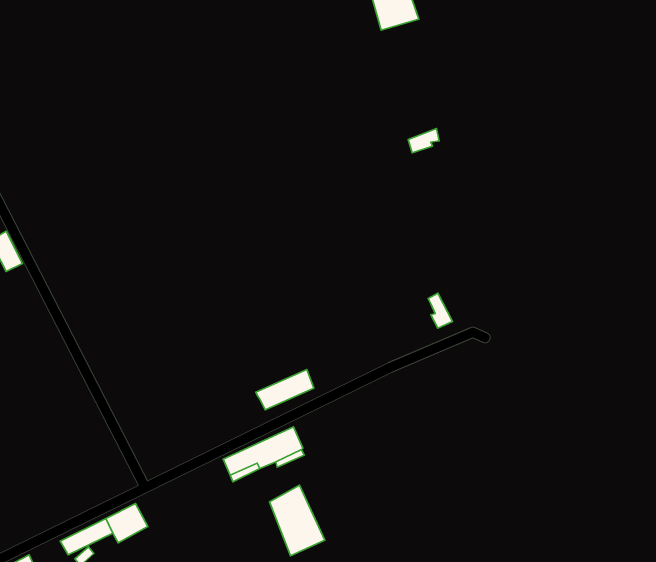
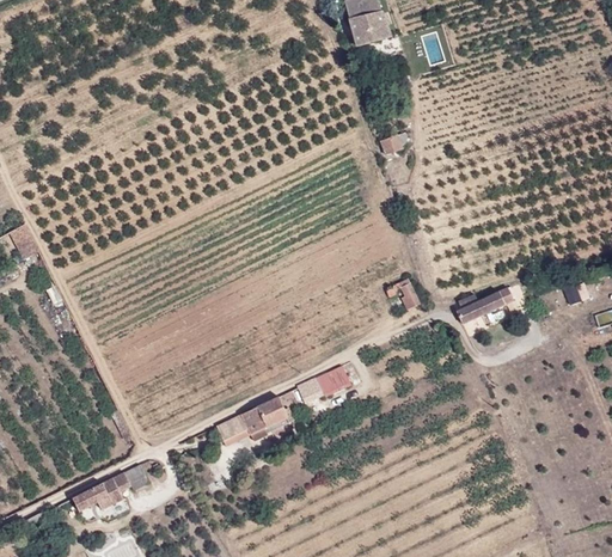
building: none -> [455,293,503,323]
building: [256,369,314,410] -> [296,366,348,402]
building: [270,485,325,556] -> none

